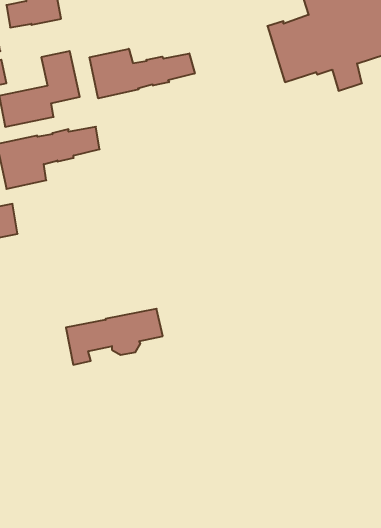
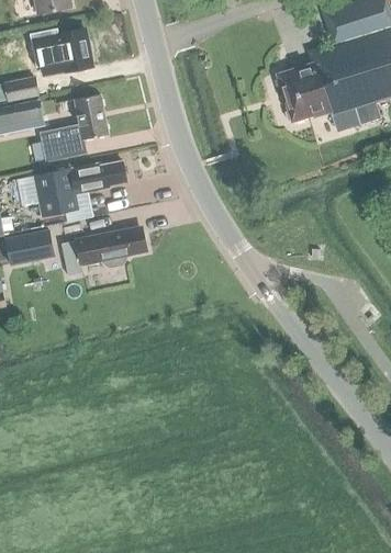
building: [90,49,195,98] -> none
building: [66,309,163,365] -> [62,227,147,277]

